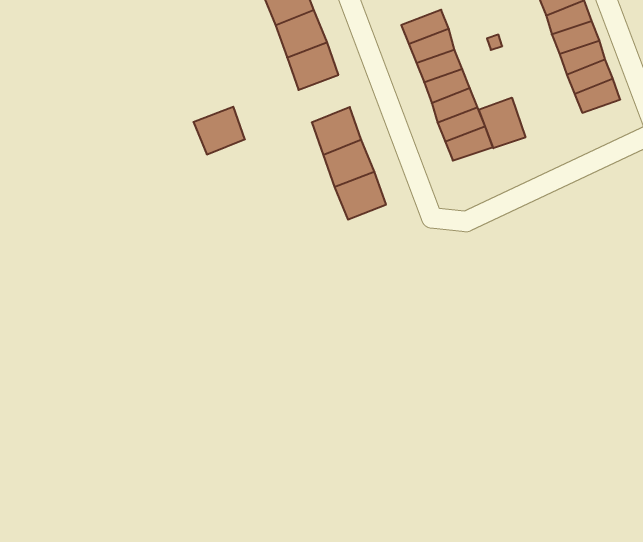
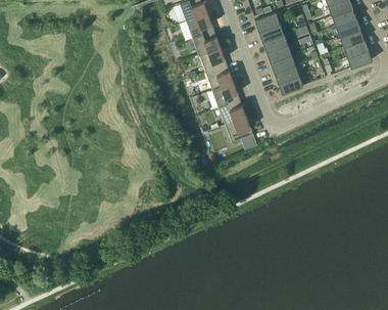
building: [479,98,525,148] -> none
building: [193,107,245,154] -> [199,47,227,73]
building: none -> [226,117,253,142]

